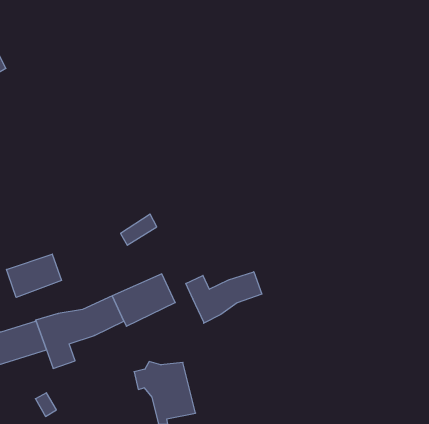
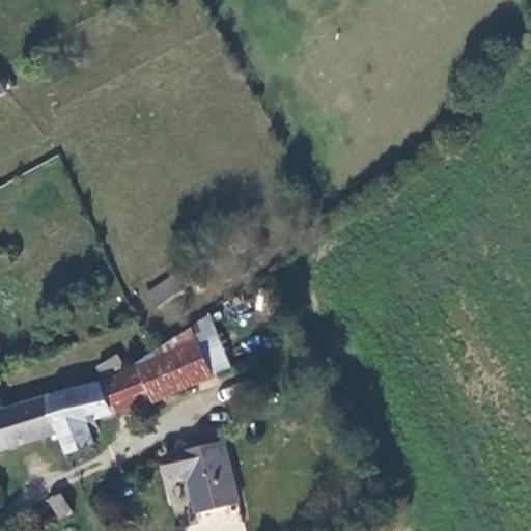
building: [7,254,61,297] -> none
building: [186,272,262,323] -> none

